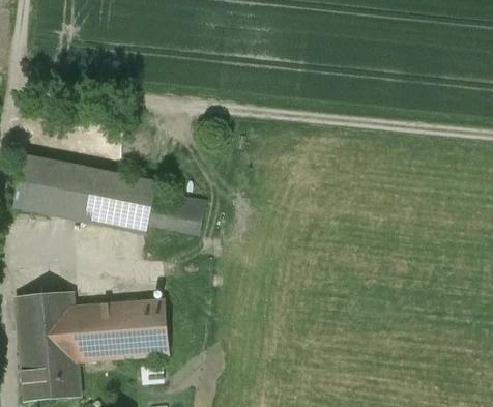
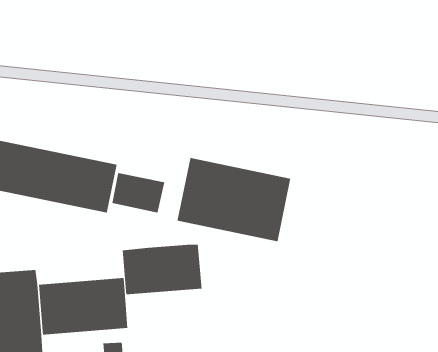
building: none -> [177,157,291,242]
building: none -> [122,244,202,295]

